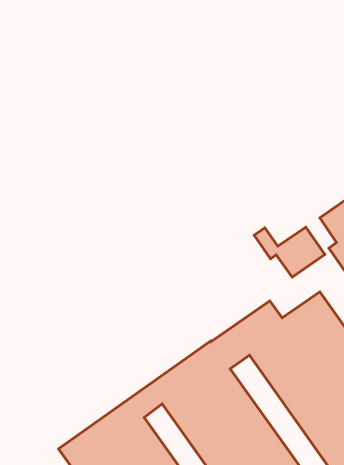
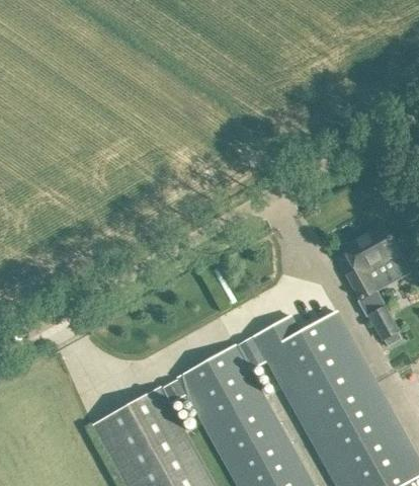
building: [254,227,325,277] -> none

